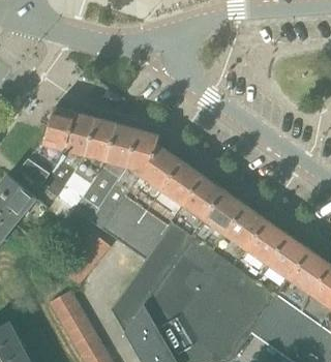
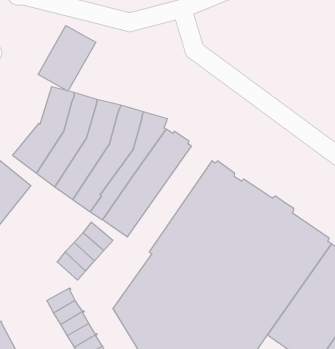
building: none -> [38,26,96,91]
building: [124,161,201,258] -> none

